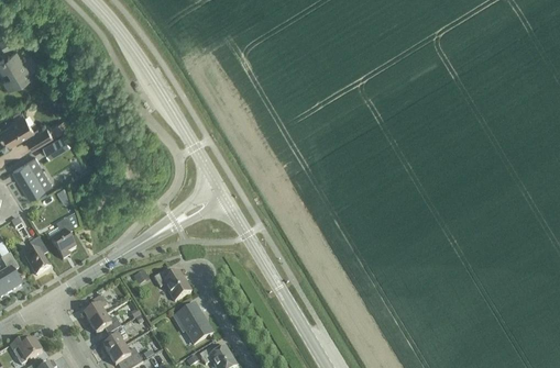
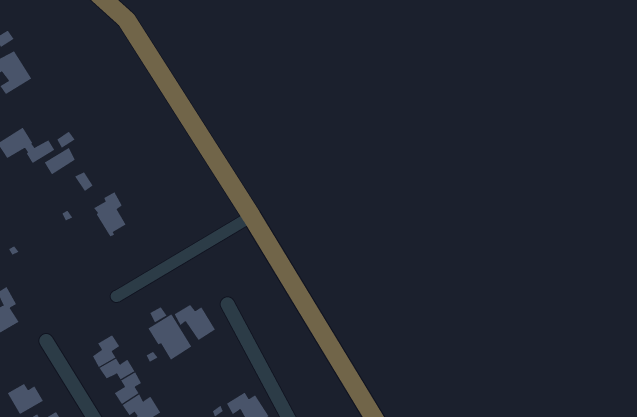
building: [11,156,42,197] -> none
building: [45,219,74,258] -> [93,191,126,237]
building: [21,237,46,274] -> none
building: [172,303,210,344] -> [148,313,192,361]

